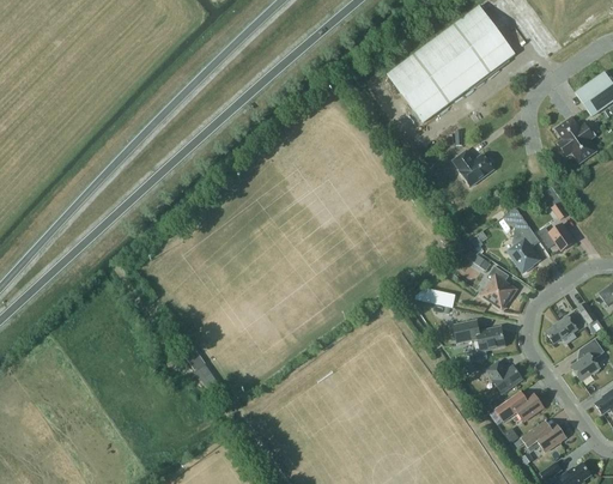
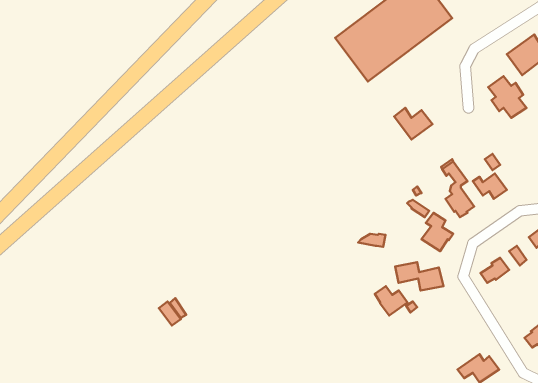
building: [571,338,603,380] -> none
building: [486,361,522,393] -> [375,286,408,316]
building: [494,391,542,421] -> none

